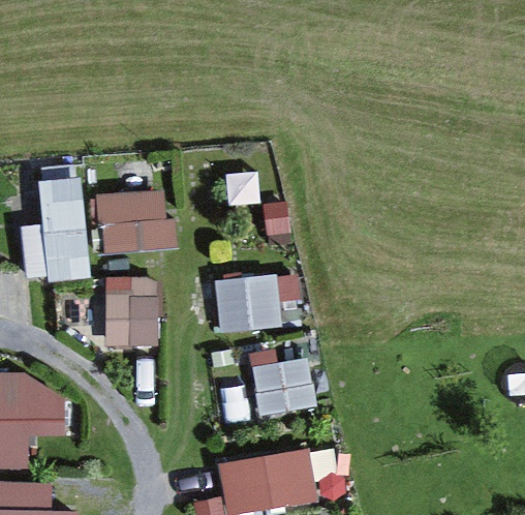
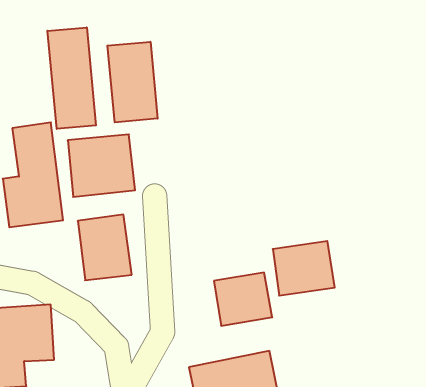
building: none -> [47,27,96,129]
building: none -> [107,42,158,122]
building: [214,275,281,333] -> [273,241,335,296]

